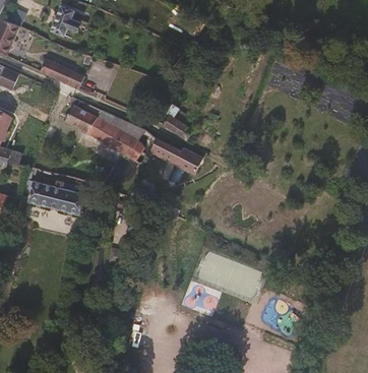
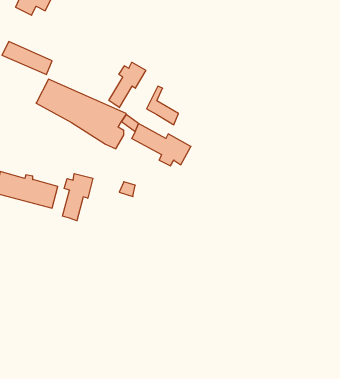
building: none -> [109,62,146,108]
building: none -> [63,174,93,221]

